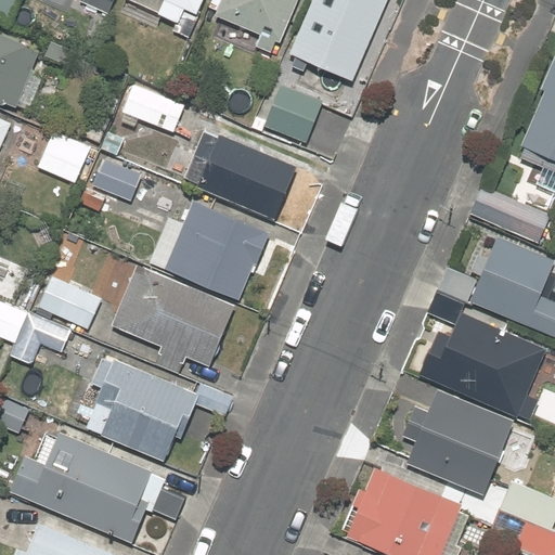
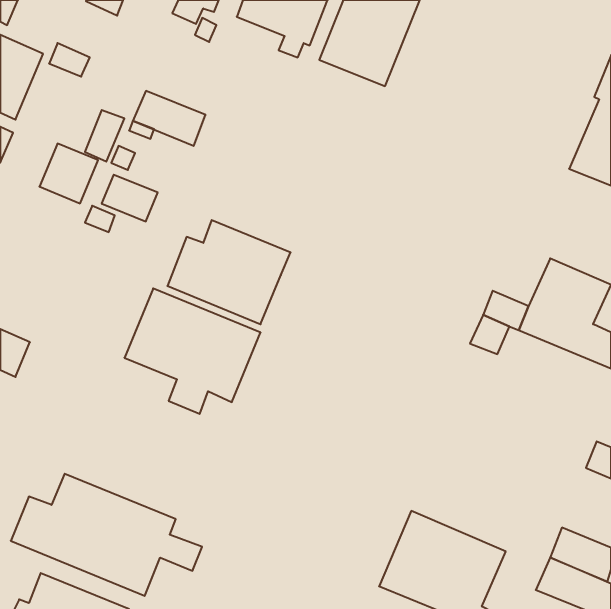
building: [262,83,322,146] -> none
building: [183,130,297,217] -> none
building: [468,183,550,244] -> none
building: [37,275,100,327] -> none
building: [10,312,72,365] -> none
building: [420,312,545,417] -> none
building: [83,357,234,463] -> none
building: [402,391,512,495] -> none

